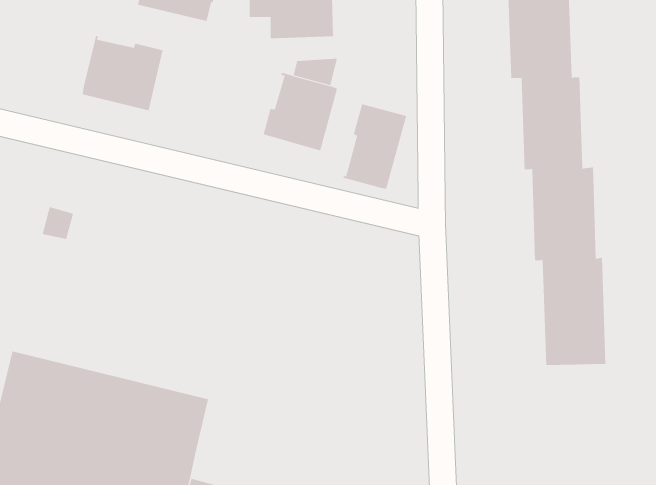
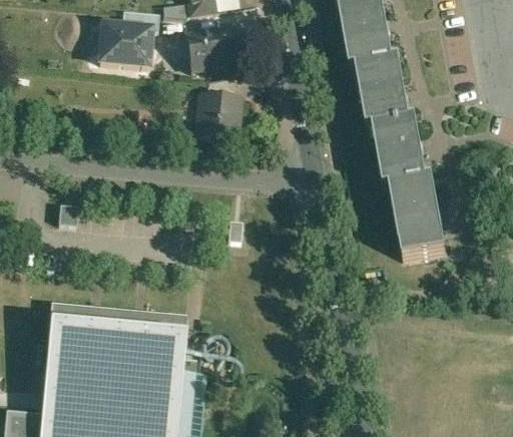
building: [82,35,163,111] -> none
building: [342,104,407,190] -> none

